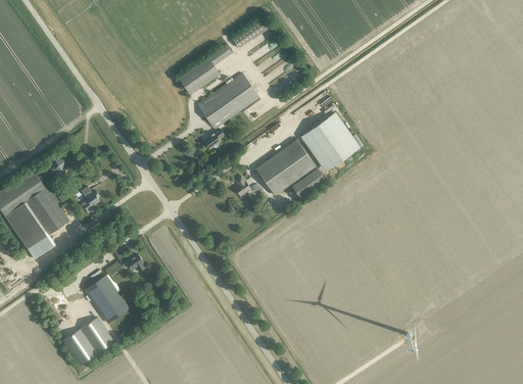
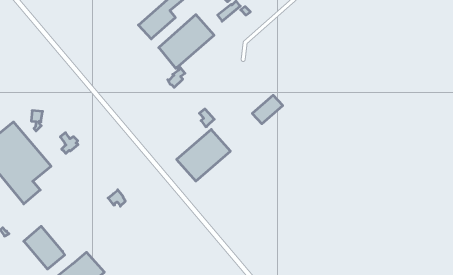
building: [308,112,359,165] -> none
building: [255,140,315,194] -> [177,129,230,181]
building: [85,275,128,322] -> [24,226,65,269]

